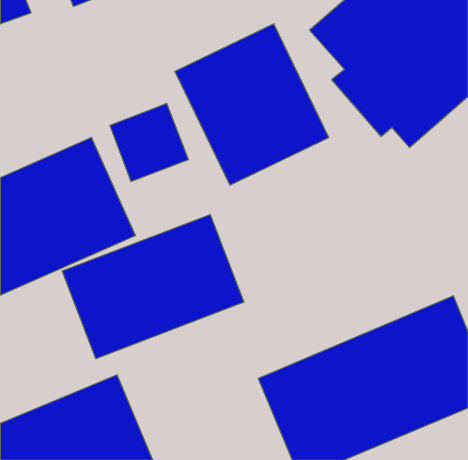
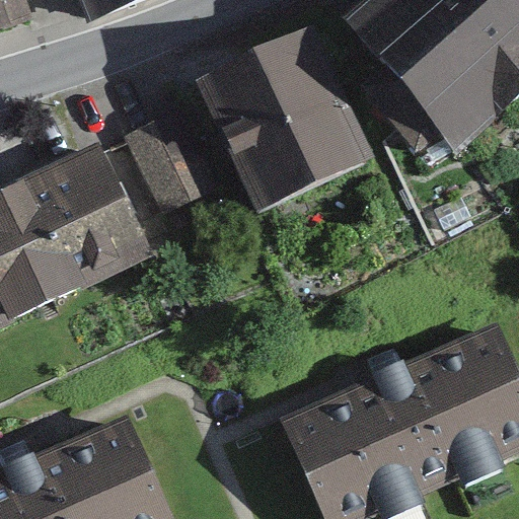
building: [62,214,244,359] -> none

